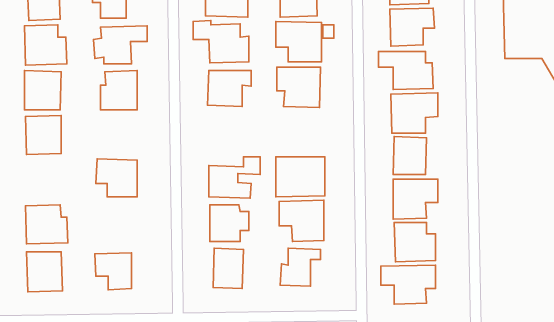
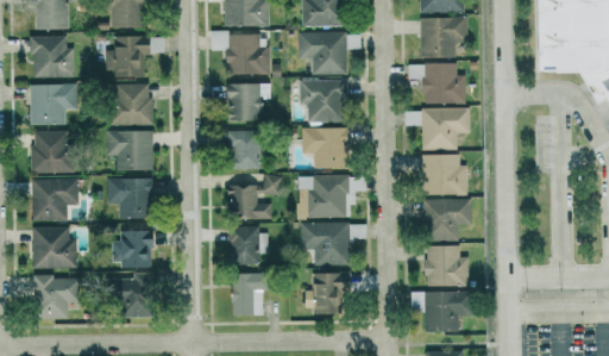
building: none -> [302,127,347,168]
building: none -> [107,130,153,170]
building: none -> [226,130,258,169]
building: none -> [32,179,79,221]
building: none -> [112,230,151,268]

